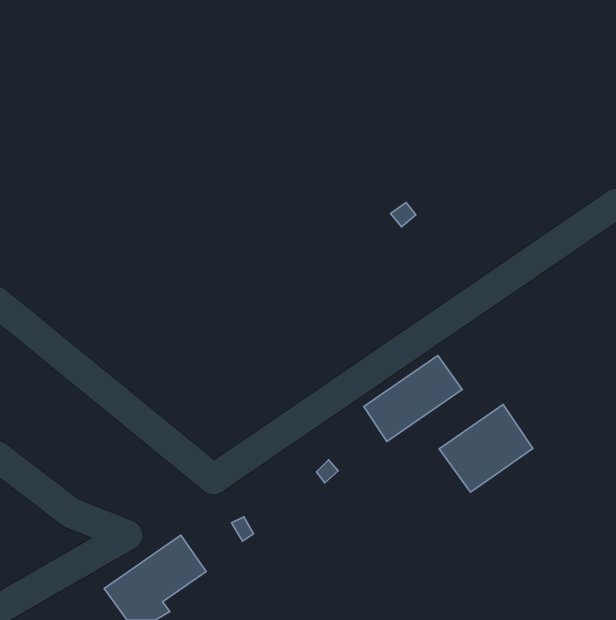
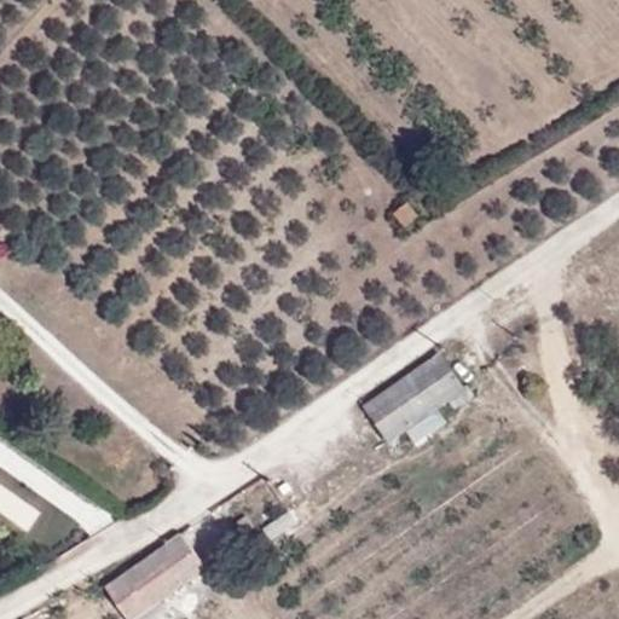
building: [439,405,533,492] -> none

